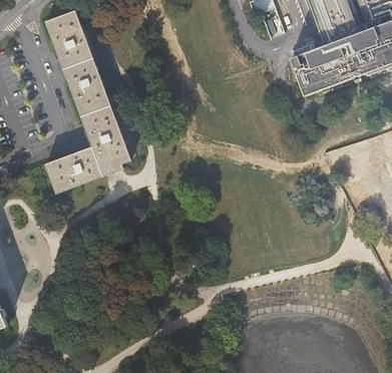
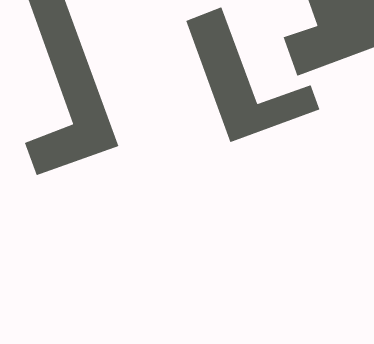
building: none -> [185,6,321,143]

